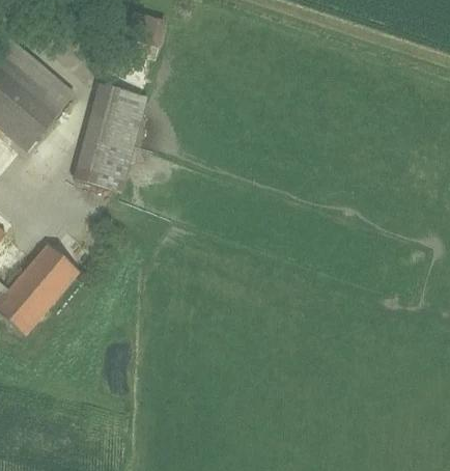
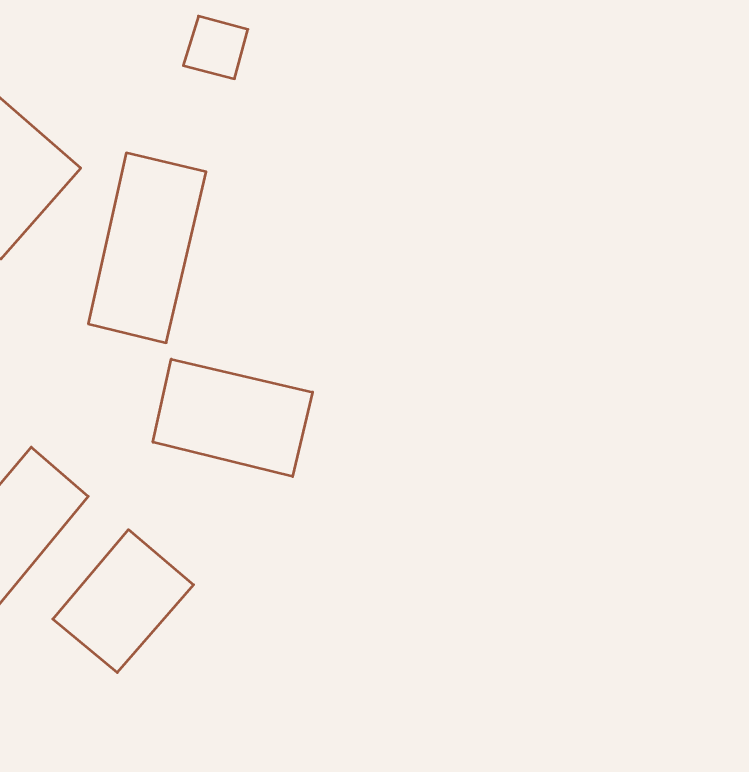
building: none -> [153,359,313,477]
building: none -> [53,530,194,673]

